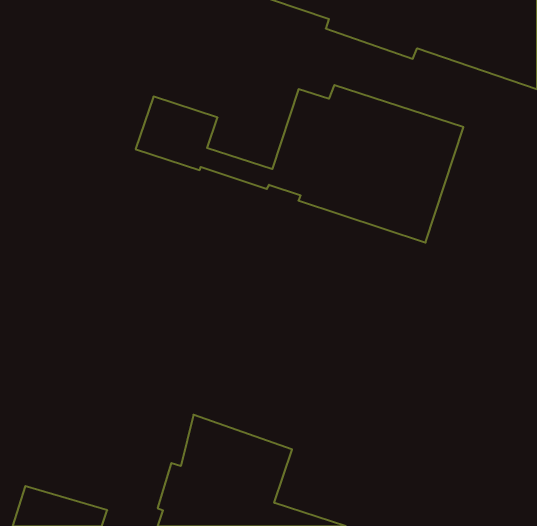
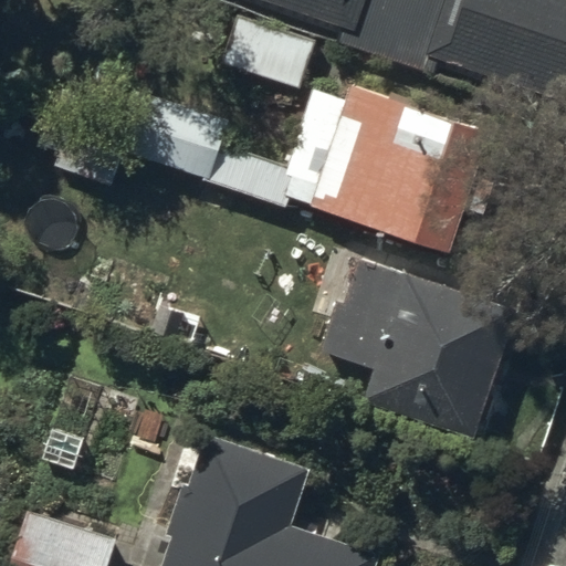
building: none -> [319,265,515,440]

